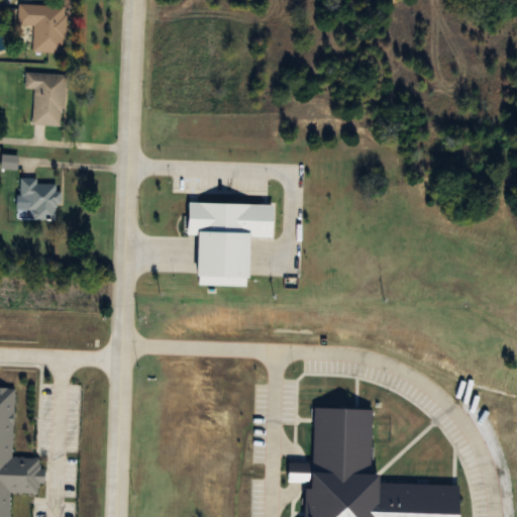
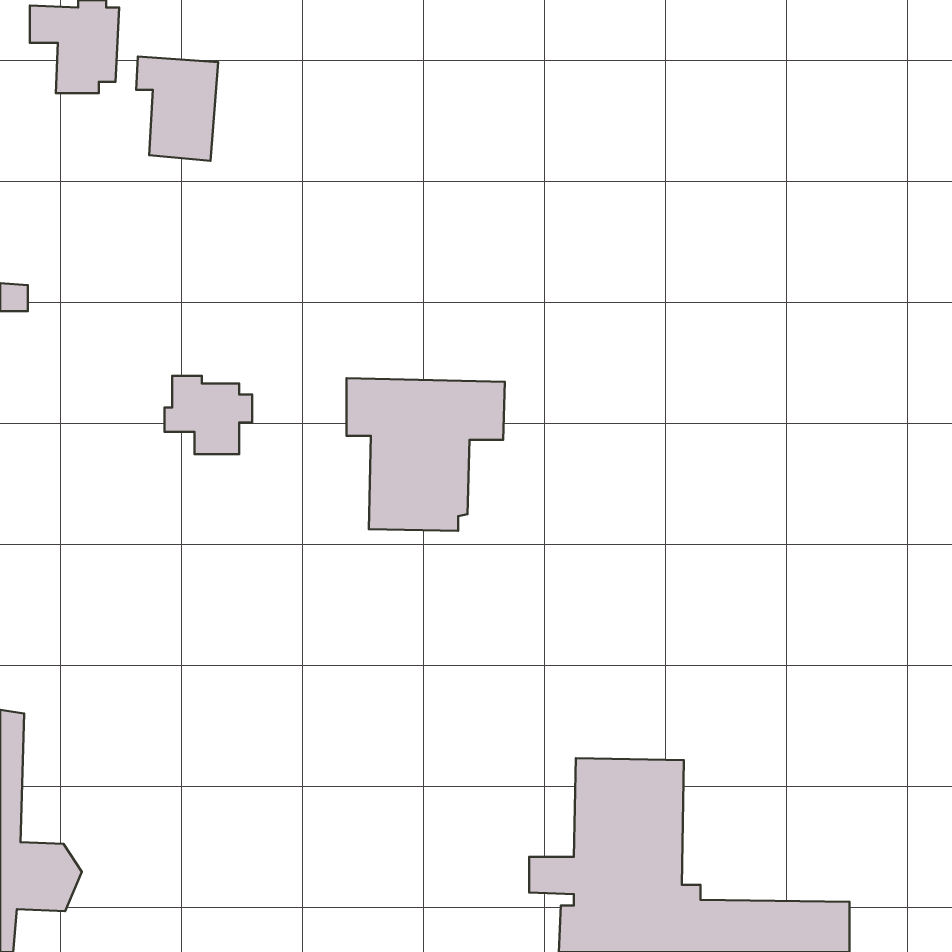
building: [21,70,66,126] -> [136,56,218,161]
building: [13,178,61,220] -> [165,376,252,454]

